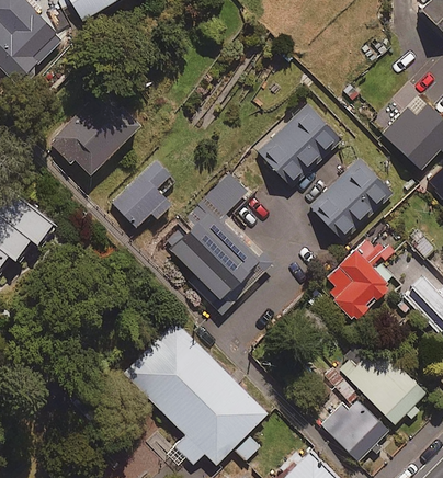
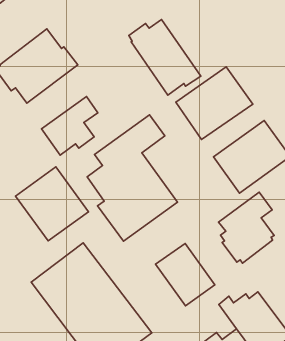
building: none -> [129,19,201,95]
building: none -> [16,167,88,241]
building: none -> [155,243,215,306]

